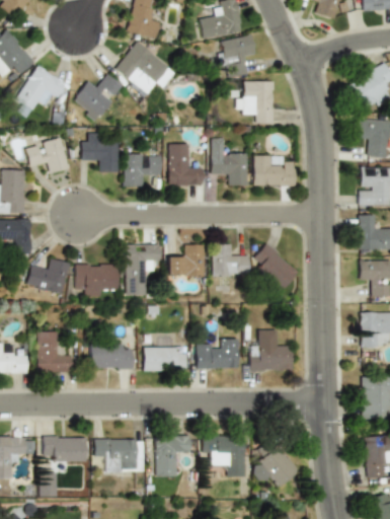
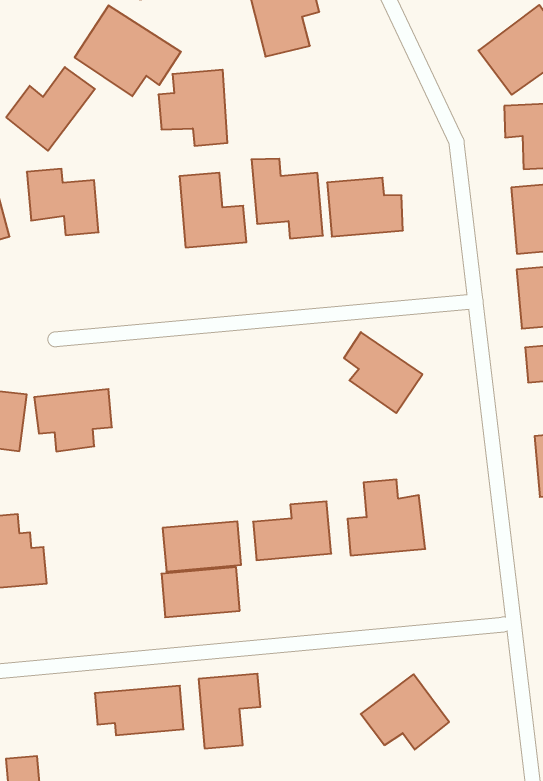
building: [238,81,277,124] -> [158,70,227,146]
building: [124,154,161,188] -> none
building: [125,244,161,296] -> none
building: [167,244,207,277] -> none
building: [214,244,250,278] -> none
building: [89,345,133,370] -> [161,567,240,617]
building: [201,435,243,476] -> none
building: [45,437,88,461] -> none

